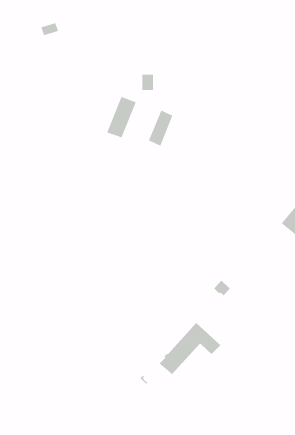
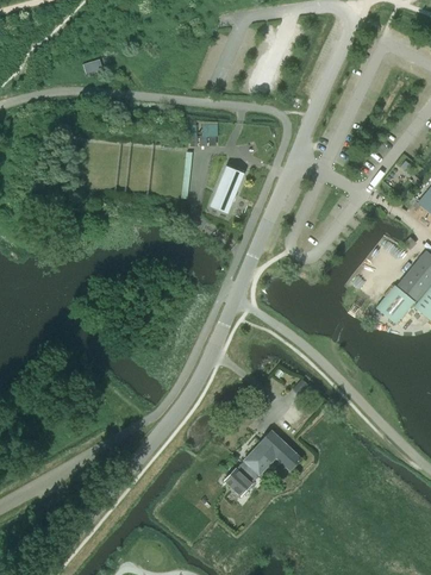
building: [106,96,137,138] -> none

